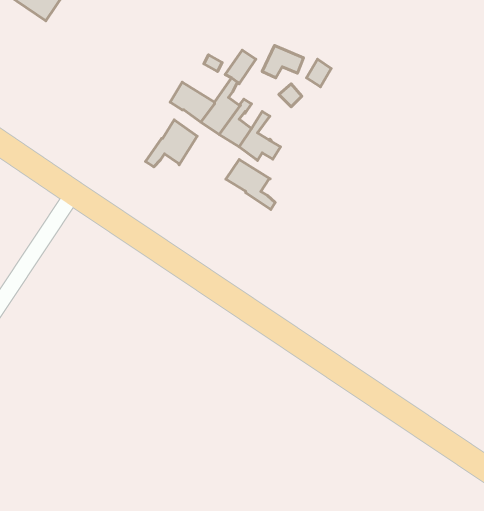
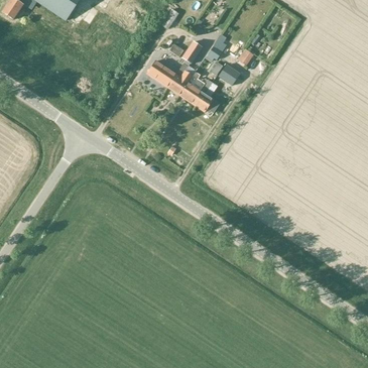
building: [146,120,197,167] -> none
building: [226,160,275,209] -> none

